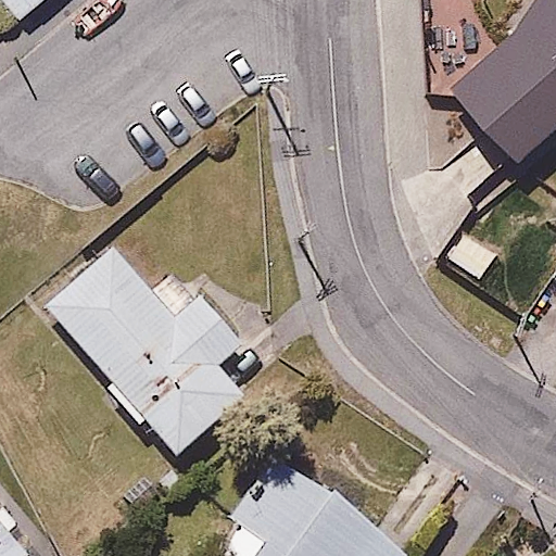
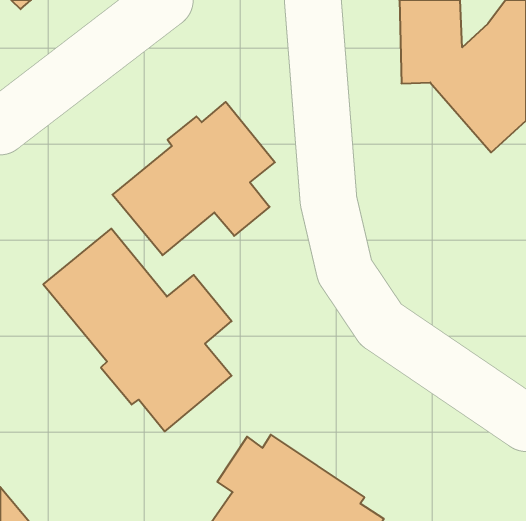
building: none -> [112,102,275,255]

